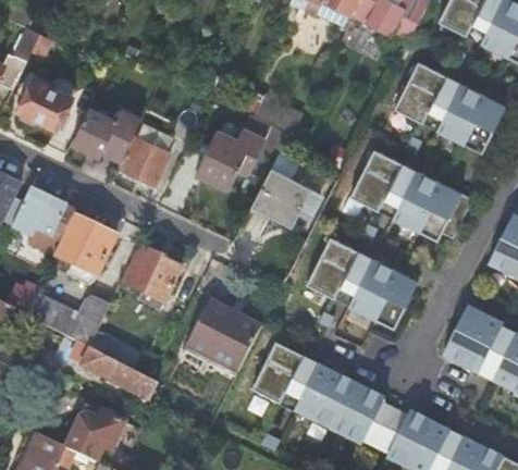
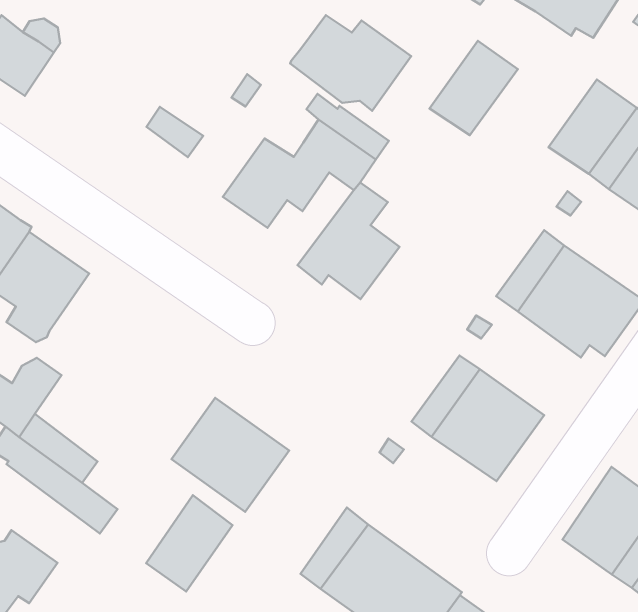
building: none -> [290,15,411,111]
building: [72,109,140,161] -> none
building: [123,136,171,184] -> none
building: [349,148,402,209] -> [430,41,518,135]
building: [308,236,360,297] -> none
building: [124,247,183,310] -> none
building: [252,343,304,405] -> [146,495,232,592]

